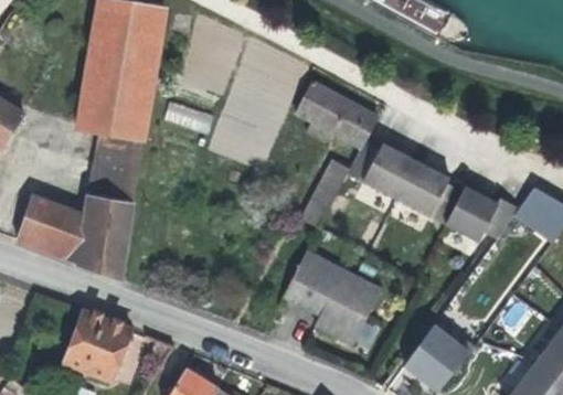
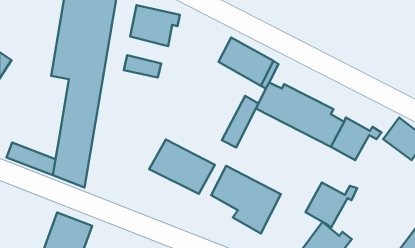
building: none -> [130,5,180,46]
building: [23,198,85,242] -> none
building: none -> [149,140,215,194]
building: none -> [306,183,357,228]

